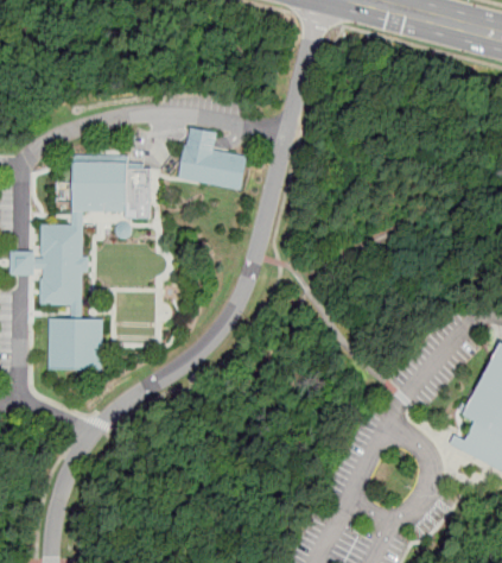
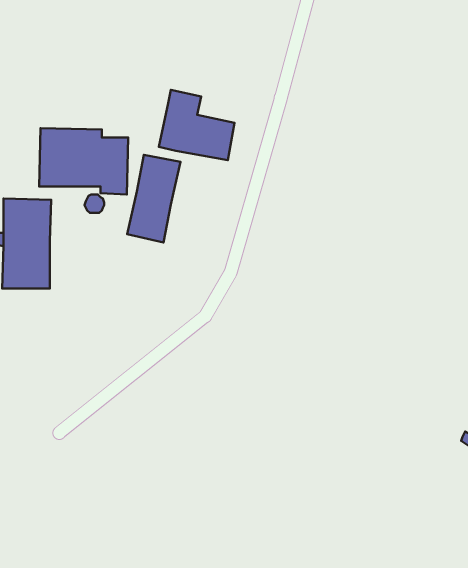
building: none -> [127,155,180,242]
building: [49,318,103,371] -> none

